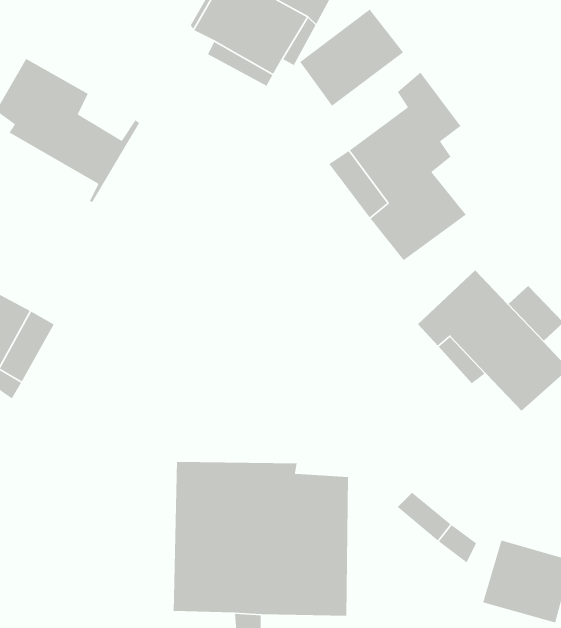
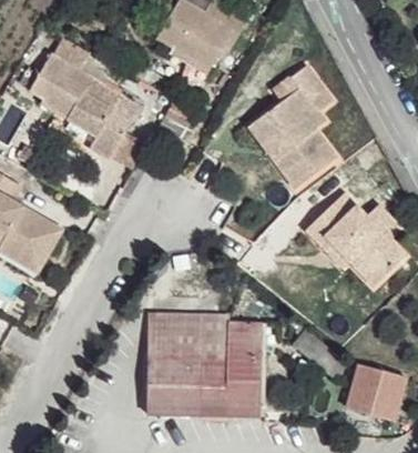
building: [299,8,404,107] -> none
building: none -> [94,95,144,157]

